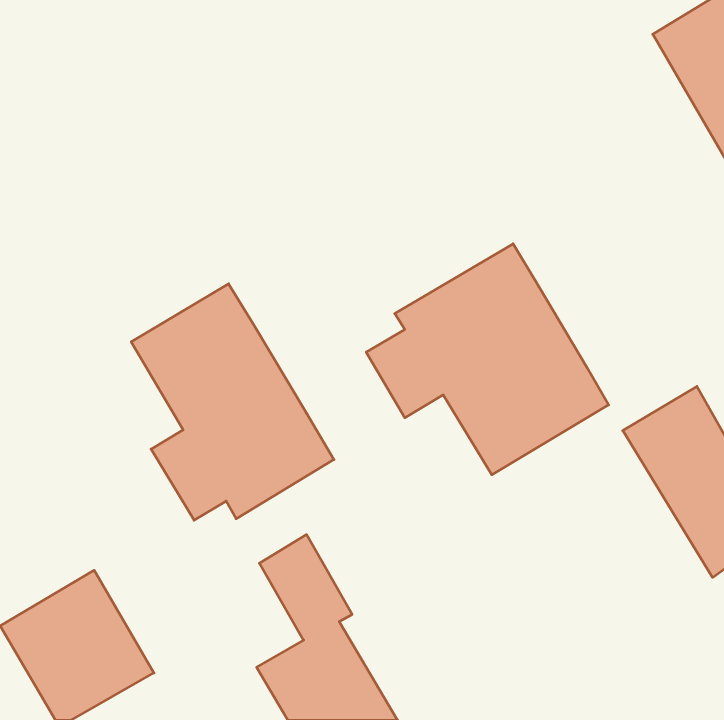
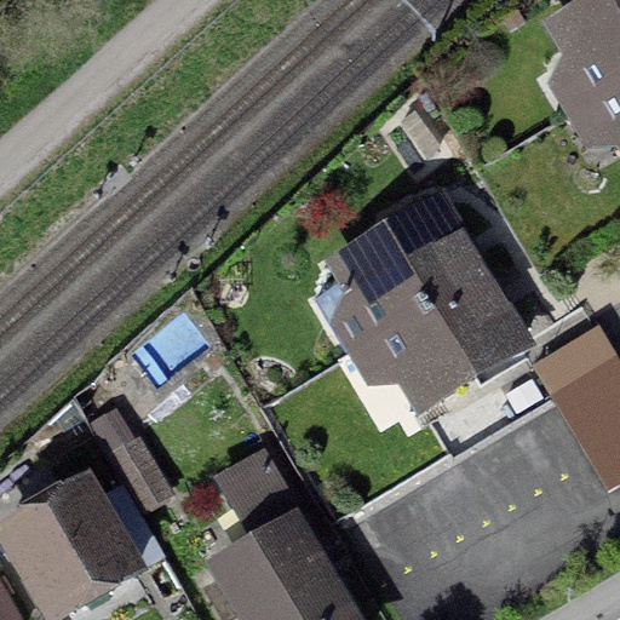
building: [131,284,334,520] -> none

